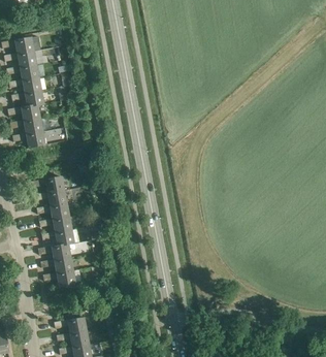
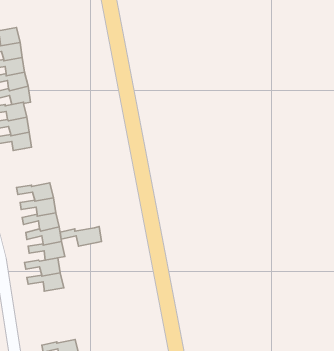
building: [43,268,80,286] -> [60,227,101,246]

